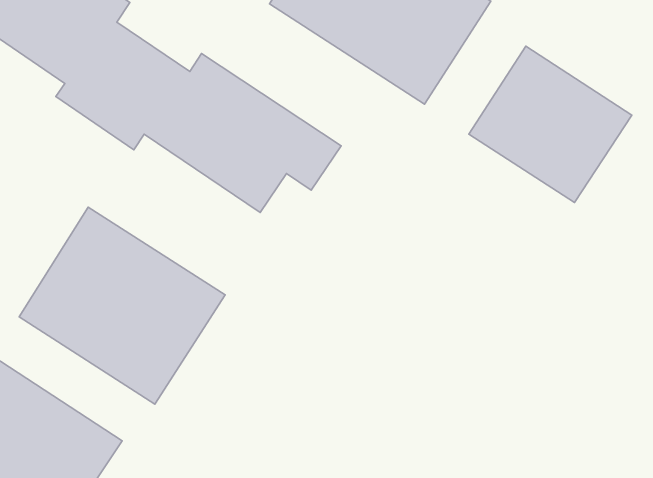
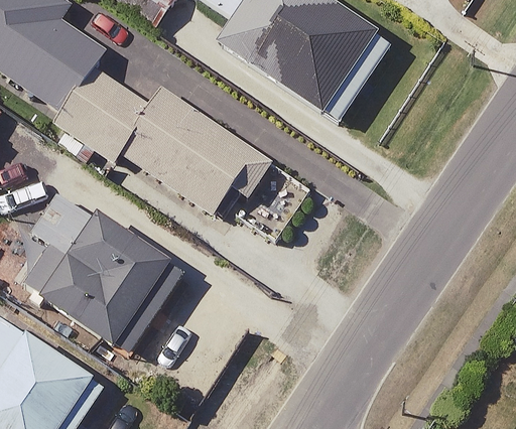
building: [469,46,632,203] -> none

